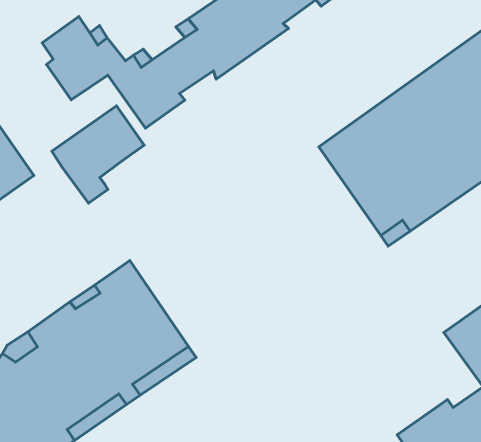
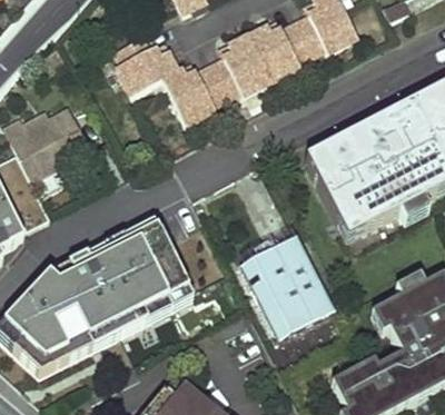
building: [52,106,144,203] -> none
building: none -> [246,237,336,338]

